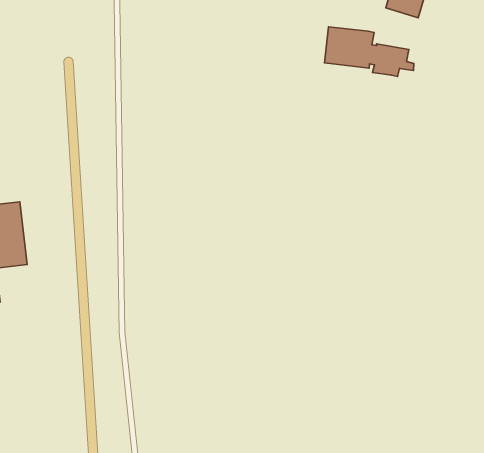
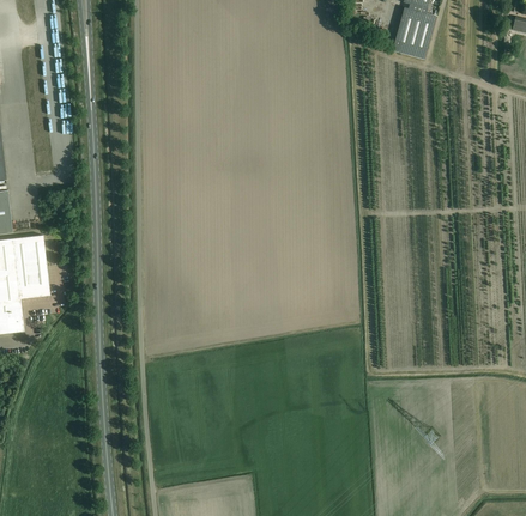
building: [324,27,414,77] -> none

